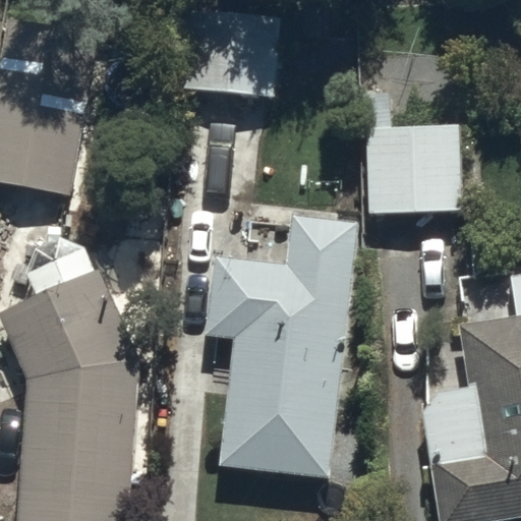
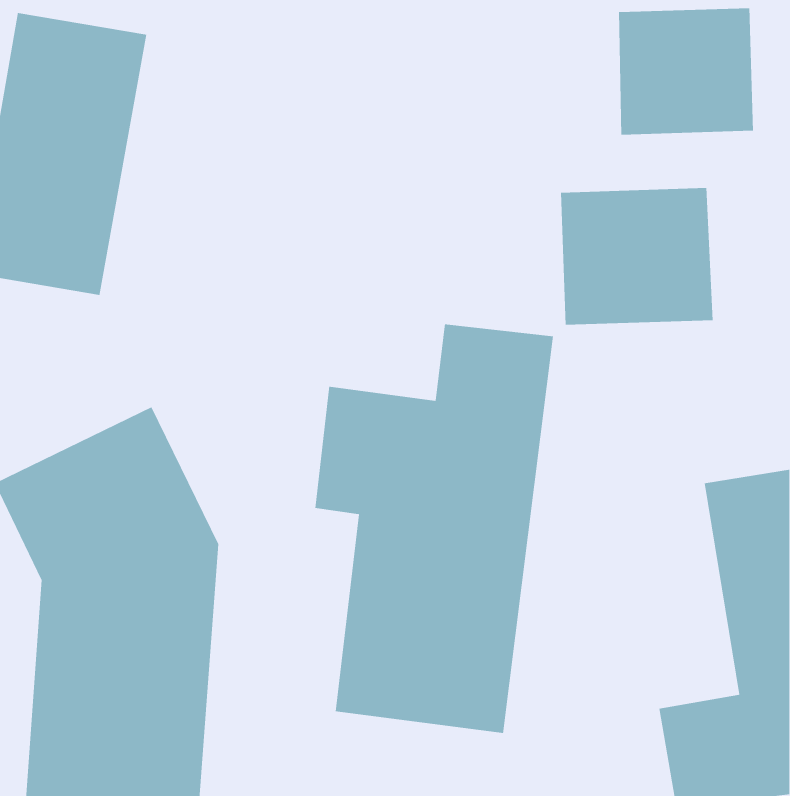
building: none -> [619,7,753,136]
building: [187,12,280,103] -> none

